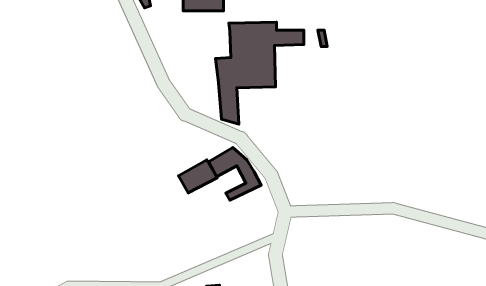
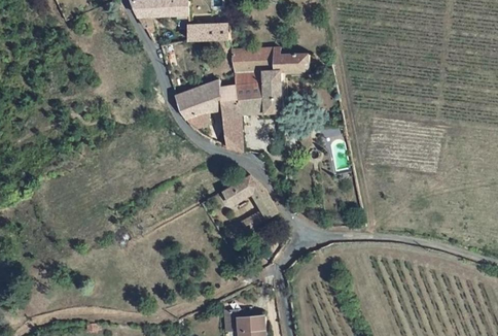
building: none -> [179,78,223,132]
building: [179,160,217,193] -> none

